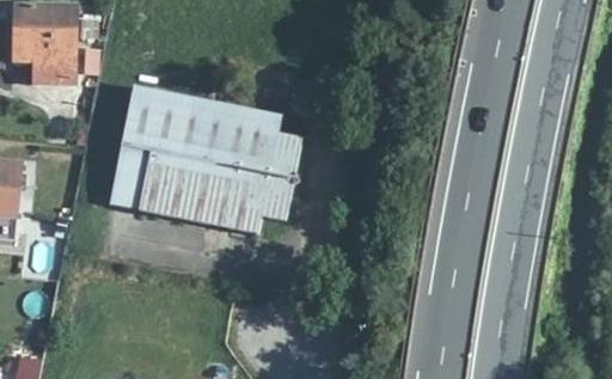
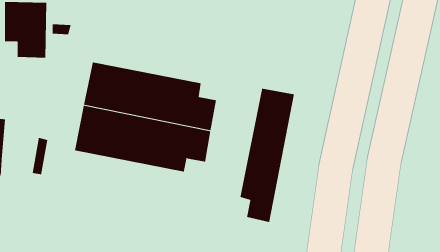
building: none -> [240,88,295,223]

